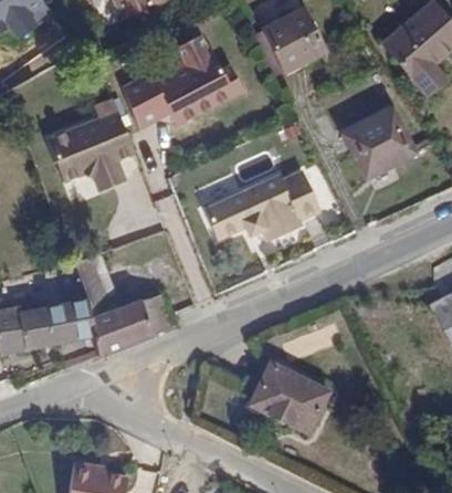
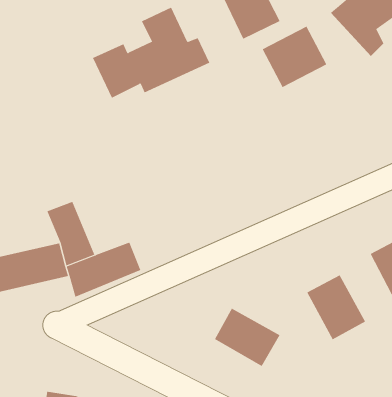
building: [48,96,135,188] -> none
building: [345,111,416,178] -> [262,26,327,88]
building: [201,165,319,235] -> none
building: none -> [307,275,366,340]

